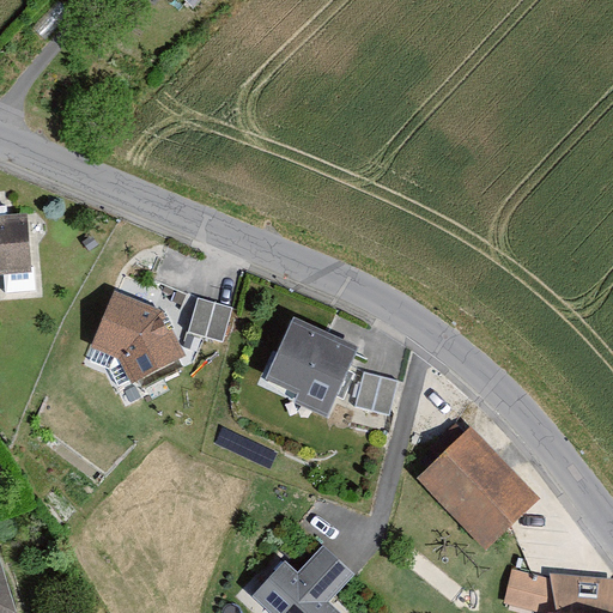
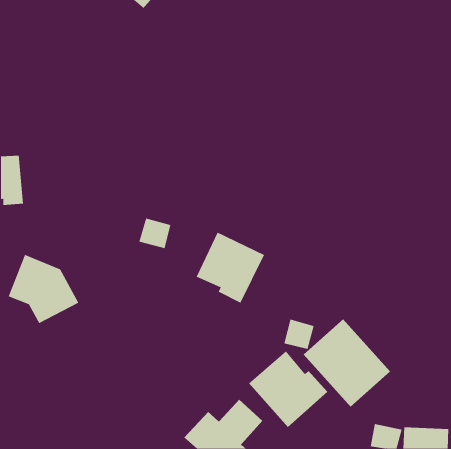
building: [91,289,188,383] -> [8,254,79,324]
building: [356,377,397,419] -> [284,319,314,350]
building: none -> [248,350,328,428]

